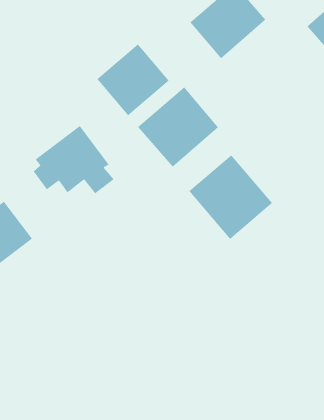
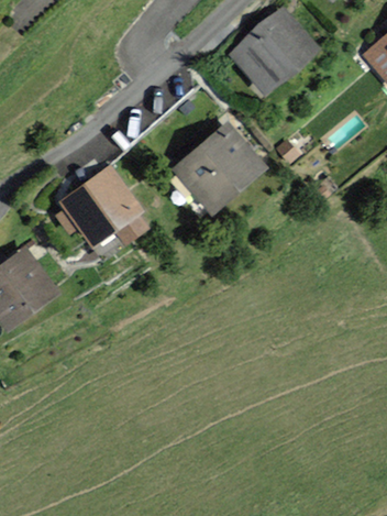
building: [97,44,170,116] -> none
building: [189,154,273,240] -> none

